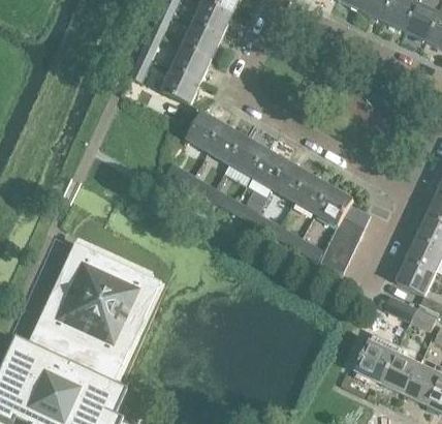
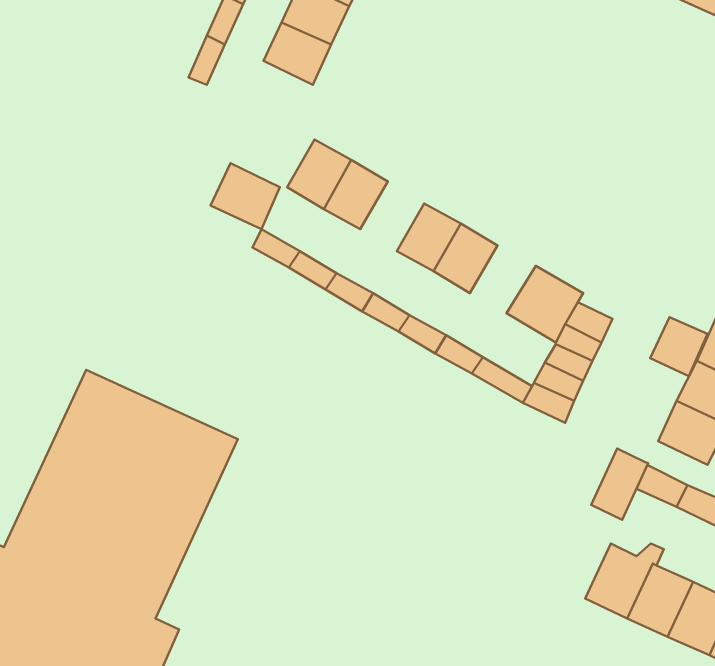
building: [161,67,200,104] -> [210,163,280,229]
building: [227,135,263,175] -> none
building: [289,172,326,210] -> none
building: none -> [650,317,707,376]
building: none -> [591,449,648,520]

